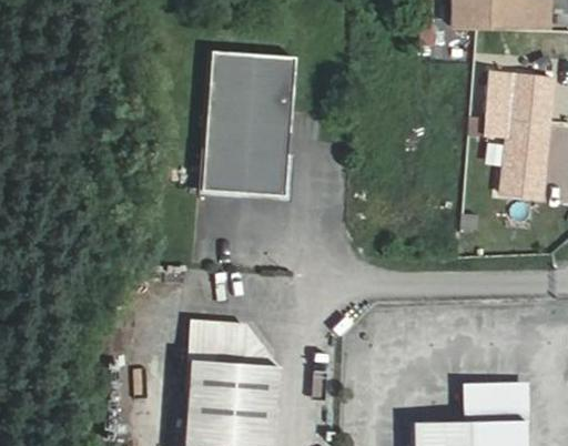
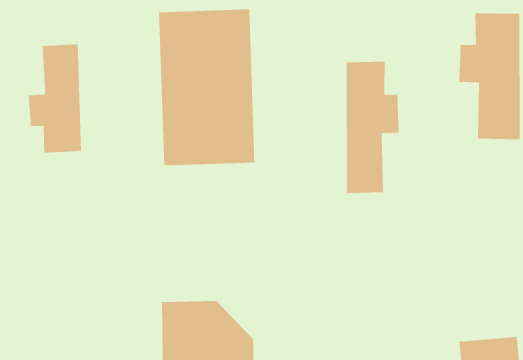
building: none -> [28,43,82,154]
building: none -> [346,61,399,194]

